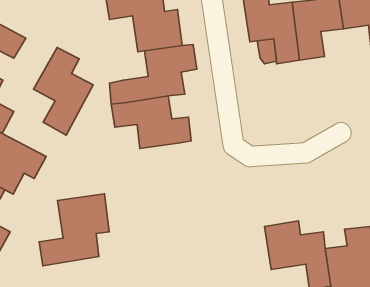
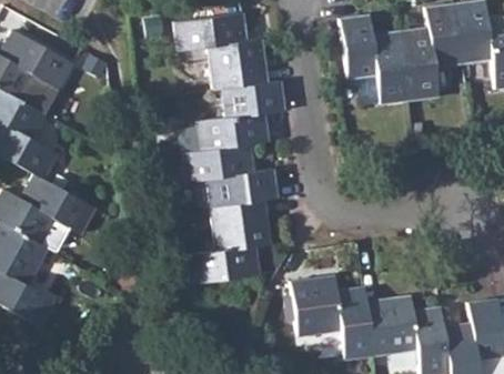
building: [33,47,93,135] -> none
building: [39,194,109,266] -> [185,199,270,285]
building: none -> [289,274,374,356]

